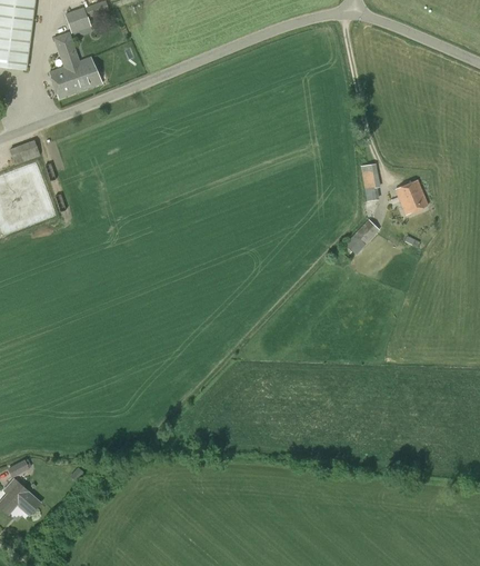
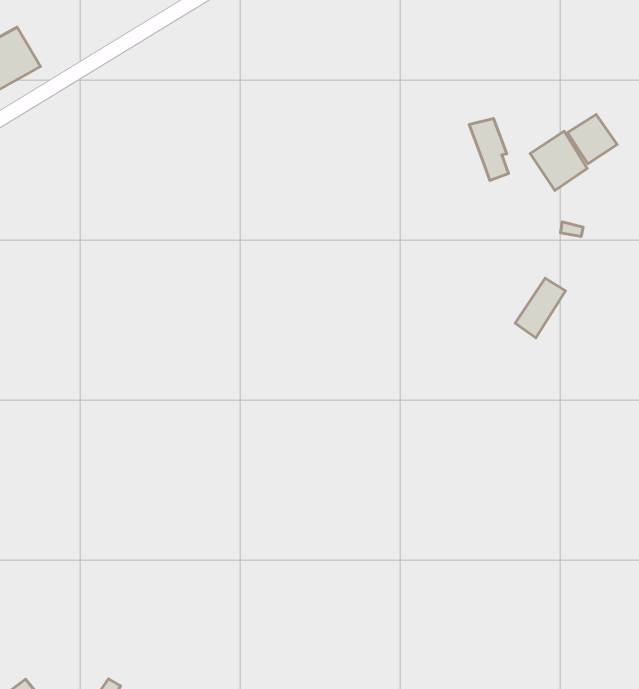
building: none -> [568,114,617,164]
building: [344,219,379,255] -> [515,278,565,338]

